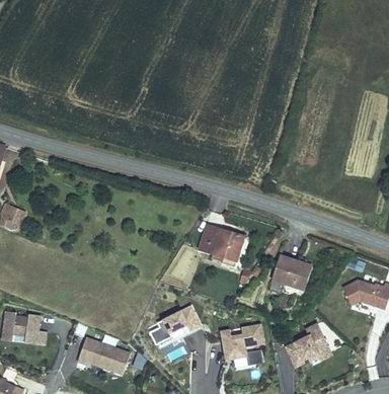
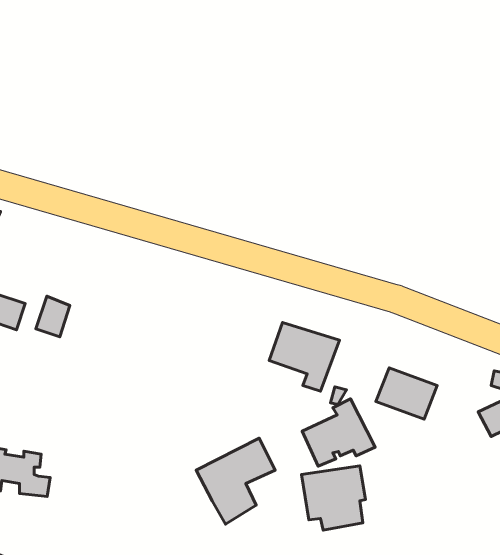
building: none -> [36,296,70,337]
building: [282,319,332,366] -> [302,399,375,466]
building: [75,334,131,374] -> none

